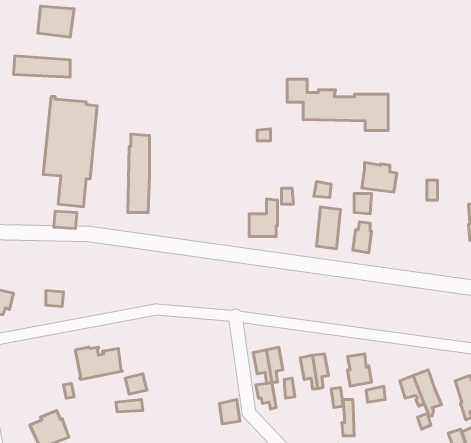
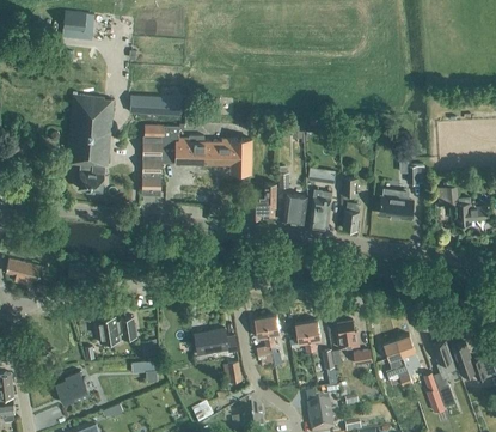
building: [13,56,70,77] -> [130,95,180,114]
building: [287,79,388,130] -> [161,126,251,171]
building: [362,163,397,192] -> [380,190,411,217]
building: none -> [282,194,307,224]
building: none -> [195,328,238,353]

